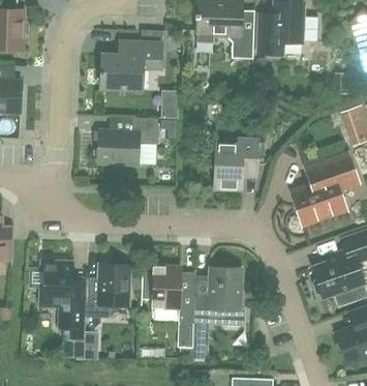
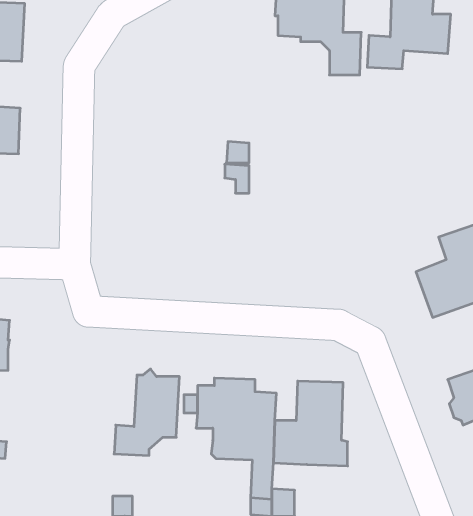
building: [100,40,161,89] -> none
building: [96,117,158,164] -> none
building: [214,139,257,188] -> none
building: [28,261,86,338] -> none

